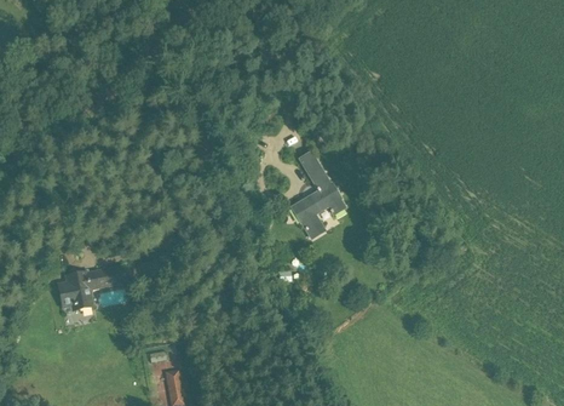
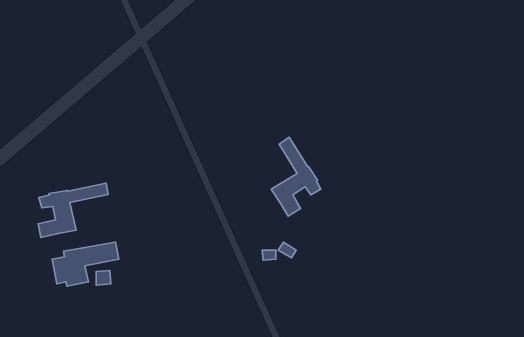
building: none -> [38,183,108,237]

